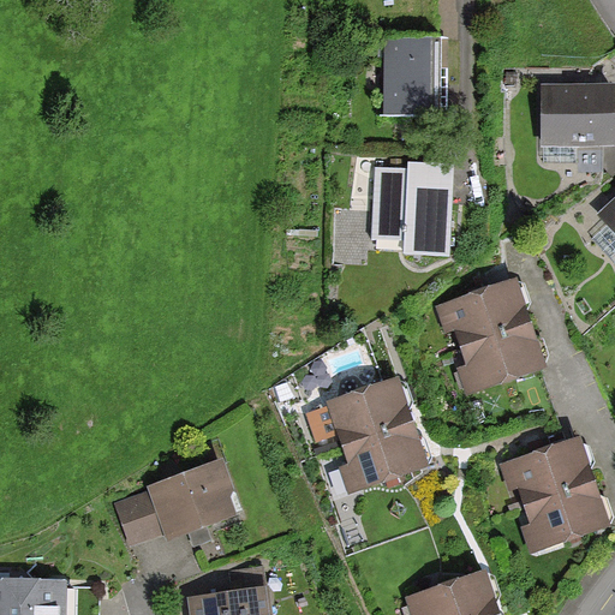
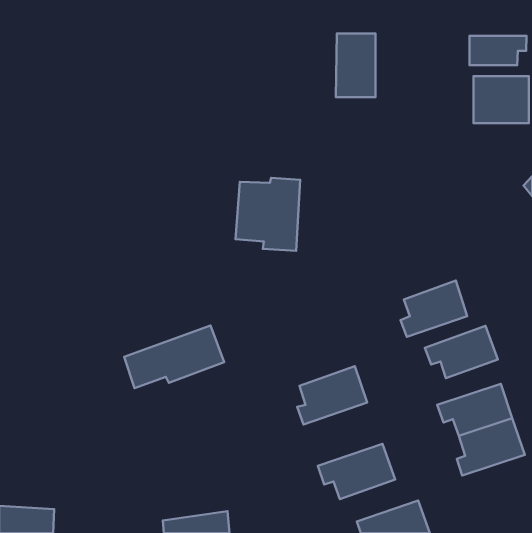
building: none -> [470,36,527,65]
building: [375,167,449,251] -> [236,178,300,251]
building: [441,285,525,345] -> [425,326,498,378]
building: [320,381,408,444] -> [318,444,395,499]
building: [118,468,233,541] -> [124,326,224,388]

